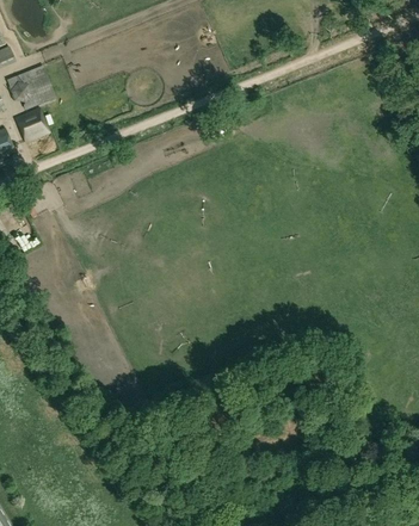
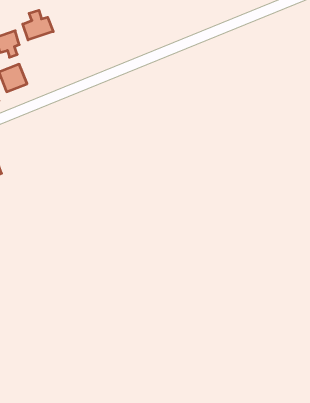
building: none -> [23,10,53,40]

